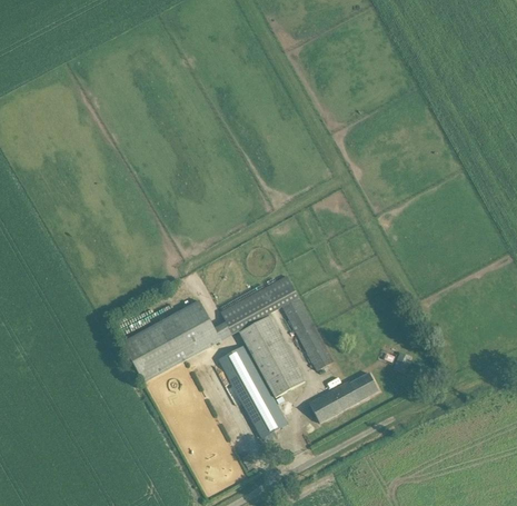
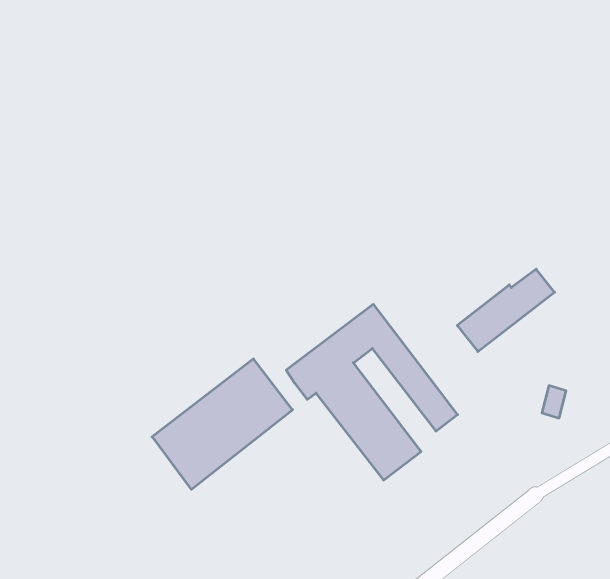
building: [218,345,287,437] -> none
building: [308,373,378,423] -> [457,269,555,352]

